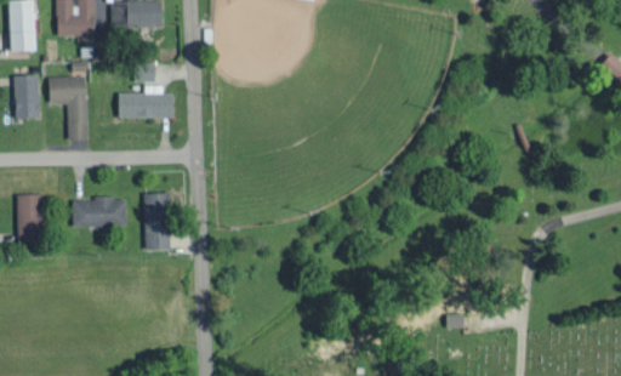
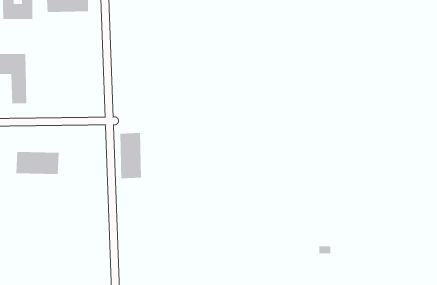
building: [118,85,175,118] -> none
building: [143,192,171,250] -> [119,132,142,179]

